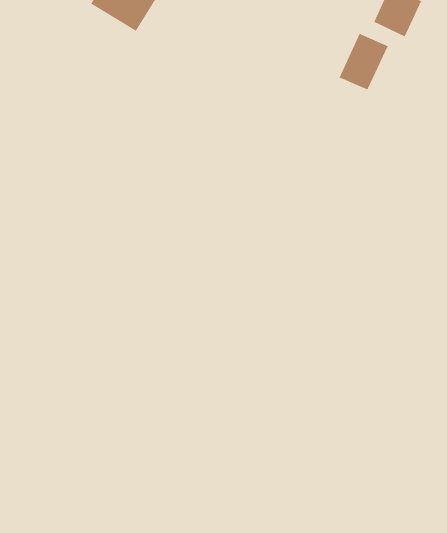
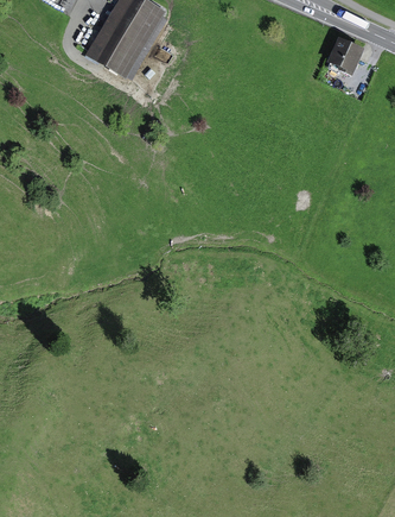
building: [338,33,389,91] -> none

